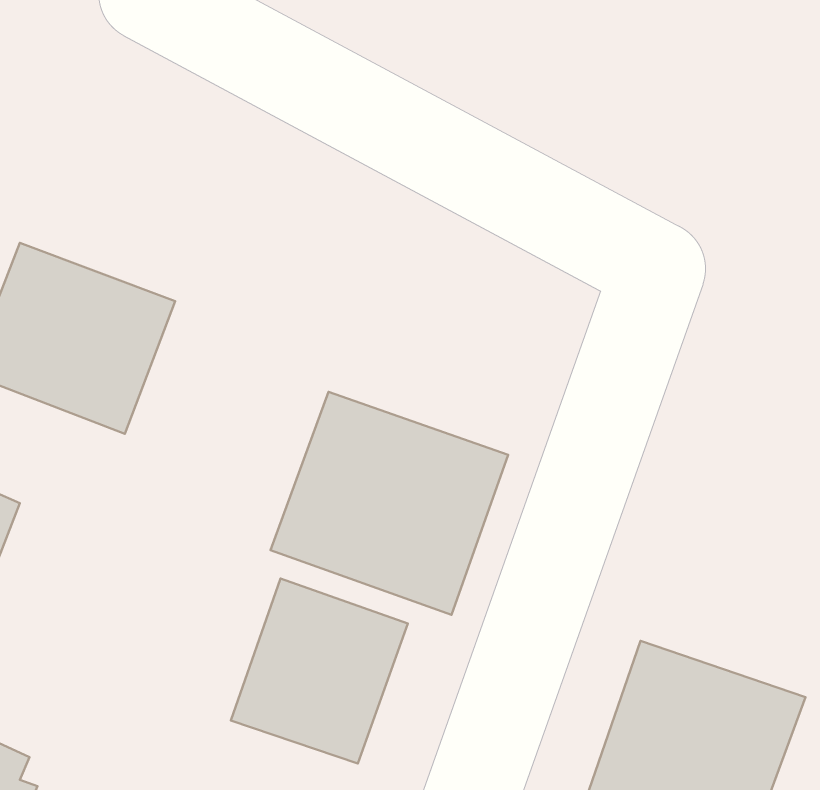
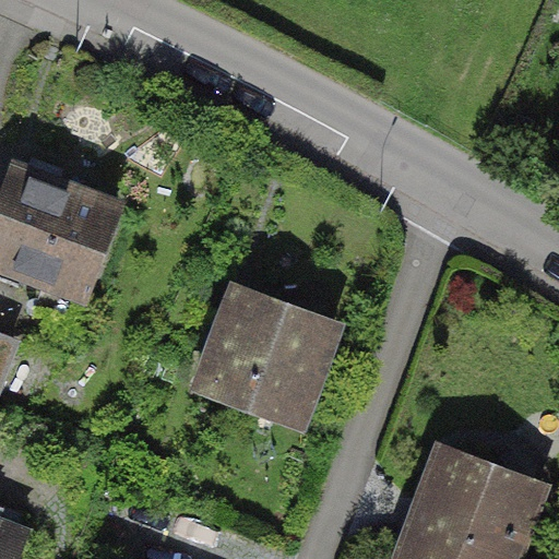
building: [231,579,408,764] -> none

